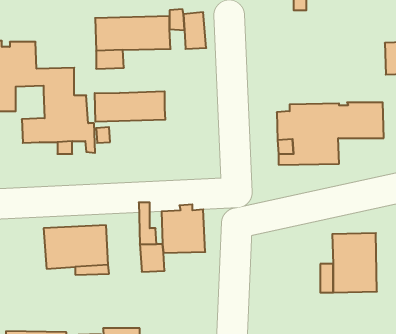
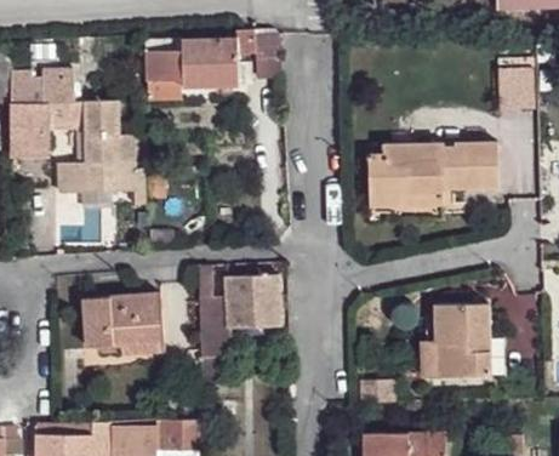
building: [95,91,165,122] -> none

